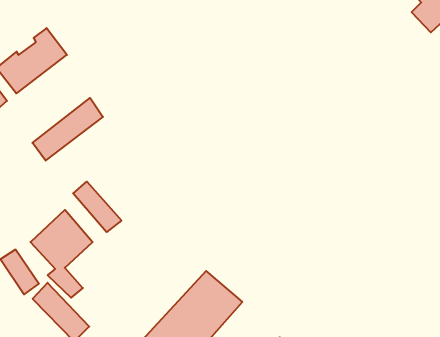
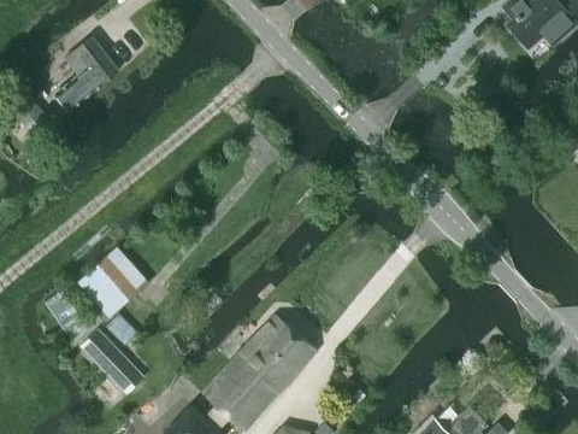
building: [32,98,103,161] -> none
building: [73,182,121,232] -> none

